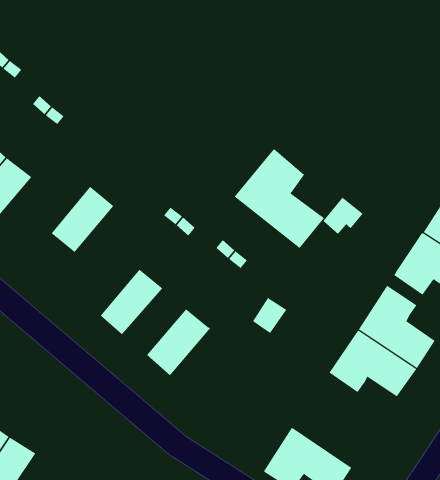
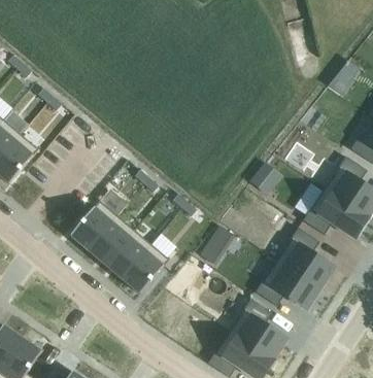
building: [234,149,325,249] -> none
building: [51,185,114,253] -> [70,200,116,249]
building: none -> [104,230,150,278]
building: none -> [228,299,285,360]

